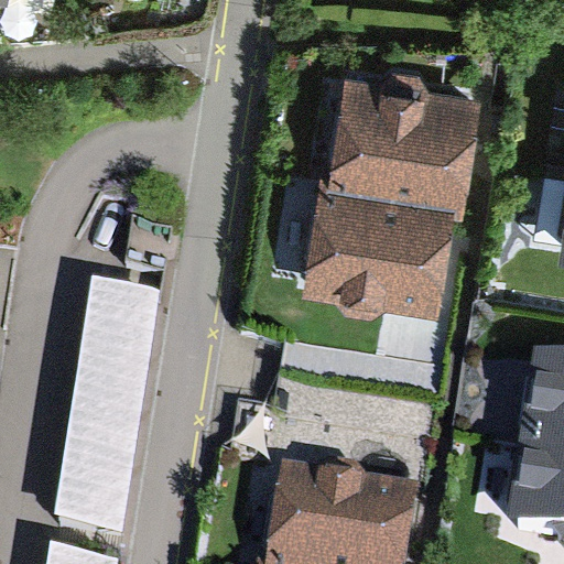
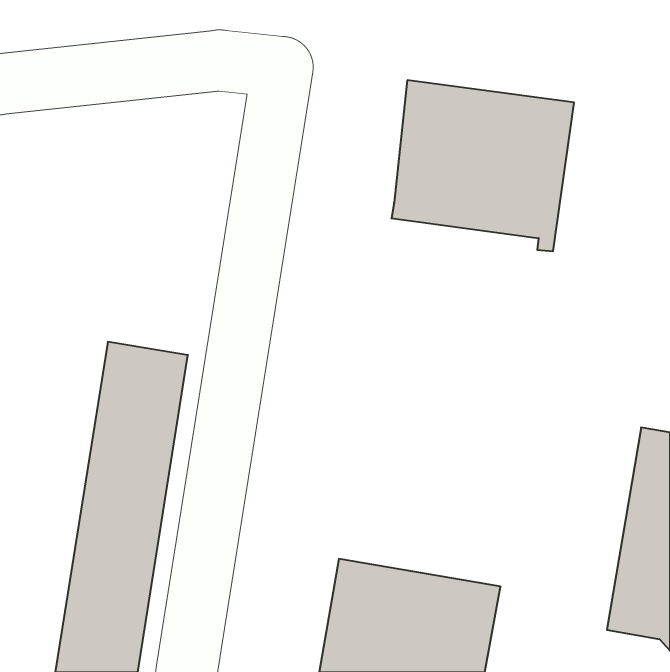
building: [301,167,452,312] -> none

